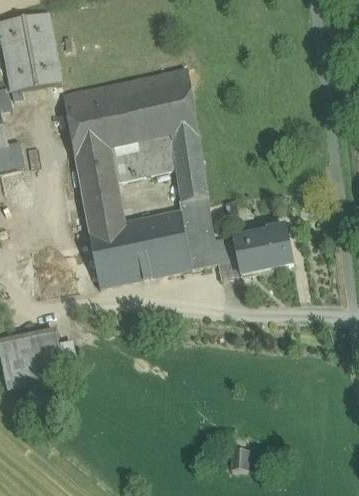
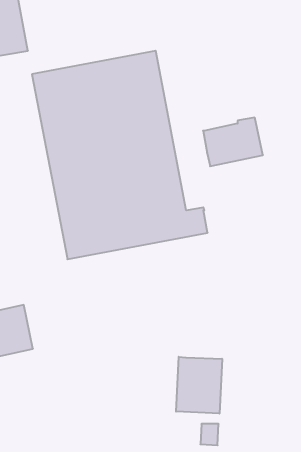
building: [233,224,292,272] -> [203,118,263,166]
building: none -> [176,357,222,414]

